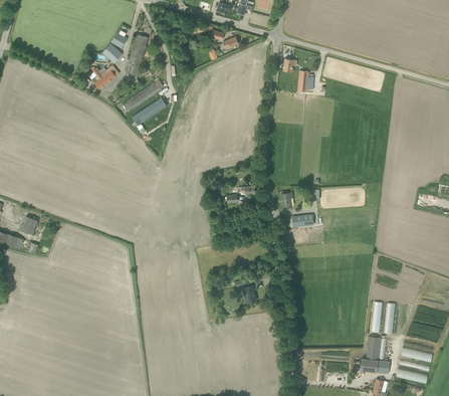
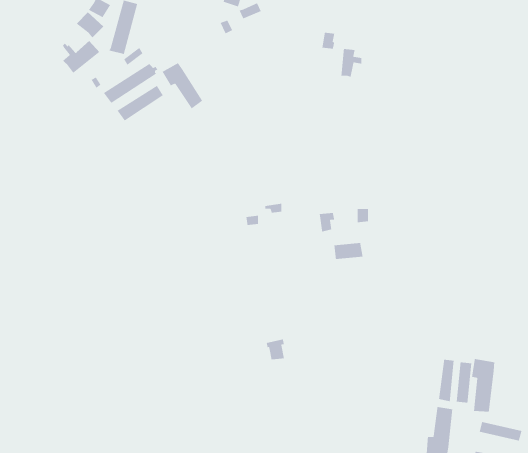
building: none -> [162,62,203,109]
building: none -> [471,358,495,412]

